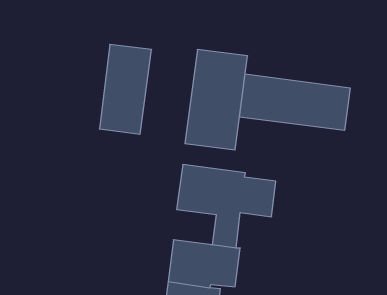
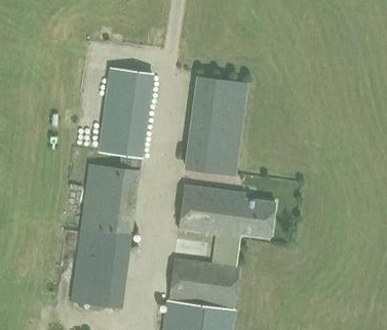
building: [239,74,350,130] -> none
building: none -> [71,165,140,308]

